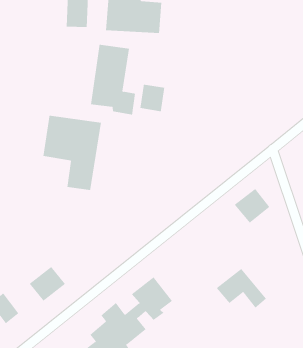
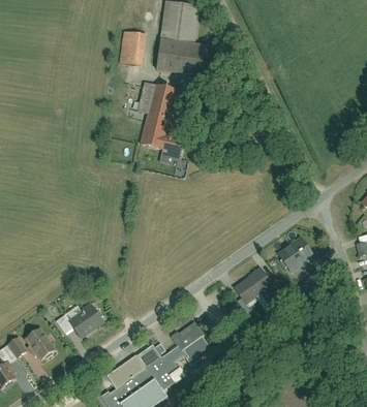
building: [140,84,165,112] -> none
building: [43,115,101,191] -> none
building: [216,268,267,309] -> [233,268,283,309]

